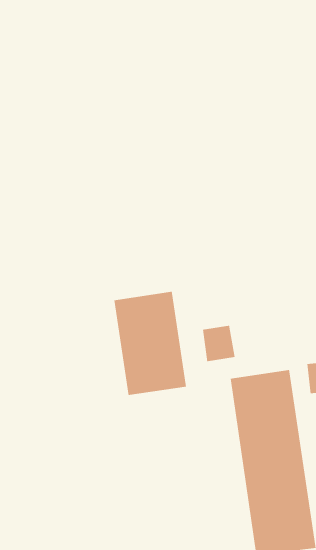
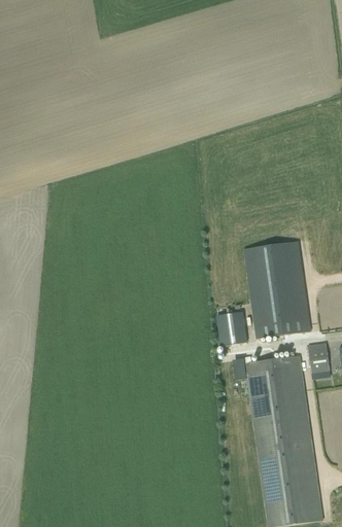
building: [114,291,187,396] -> [243,241,311,338]

